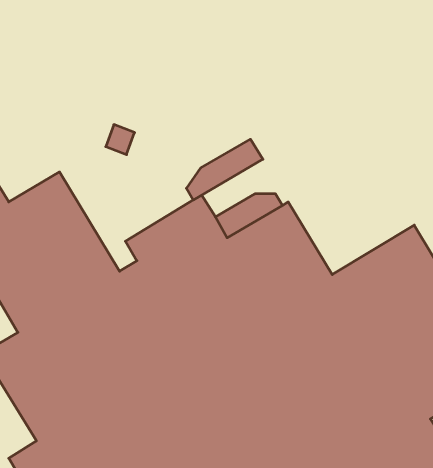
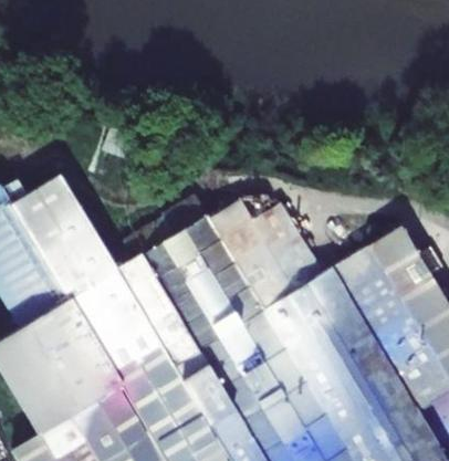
building: [186,139,263,200] -> none

